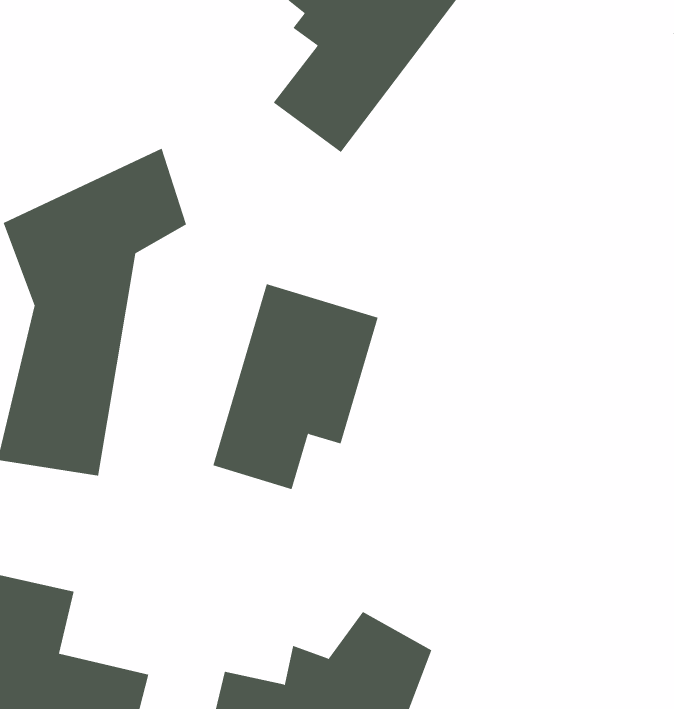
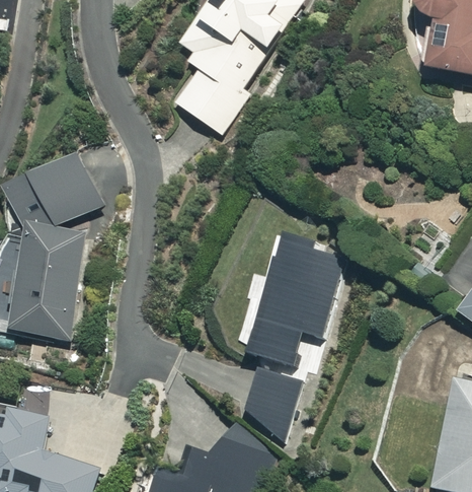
building: [213,283,378,490] -> [241,239,344,368]
building: none -> [243,370,301,443]

